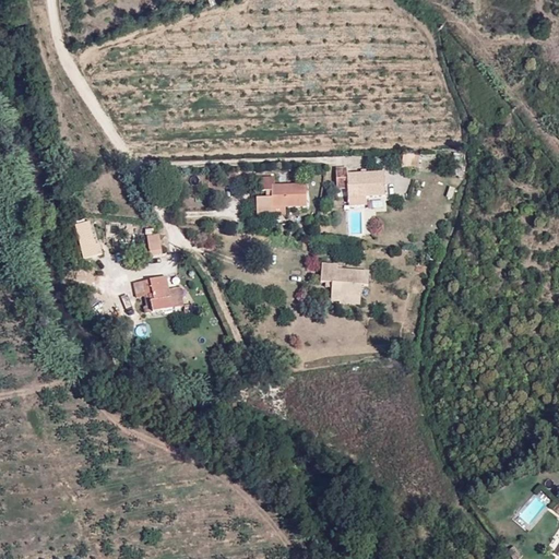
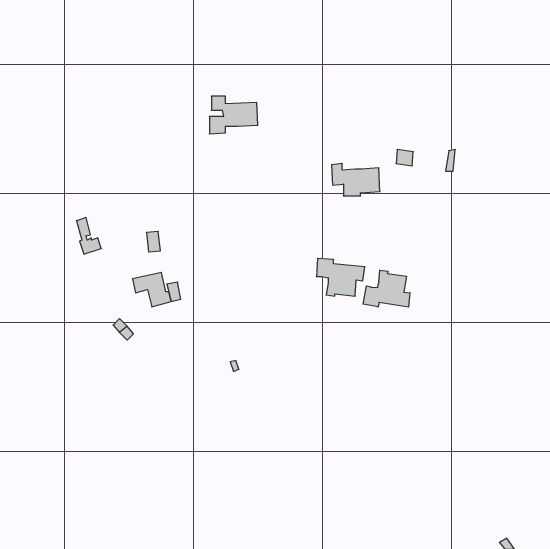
building: [258,176,307,214] -> [209,96,258,134]
building: none -> [363,270,410,307]

